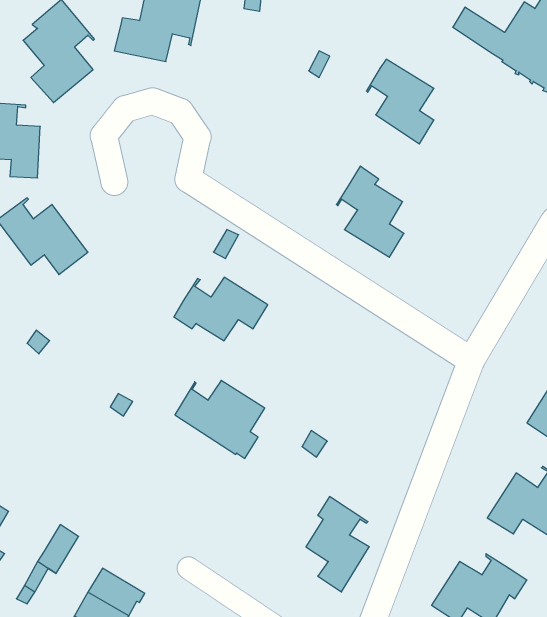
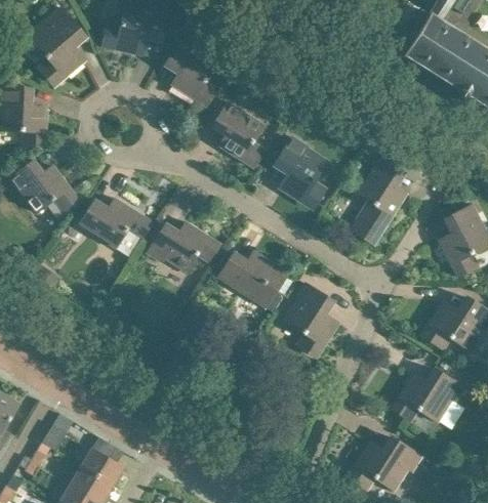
building: none -> [165,40,217,106]
building: [366,59,434,144] -> [212,101,265,167]
building: none -> [351,157,407,244]
building: none -> [79,198,153,259]
building: [175,380,265,458] -> [218,250,288,310]
building: [306,497,369,592] -> [286,282,335,355]

